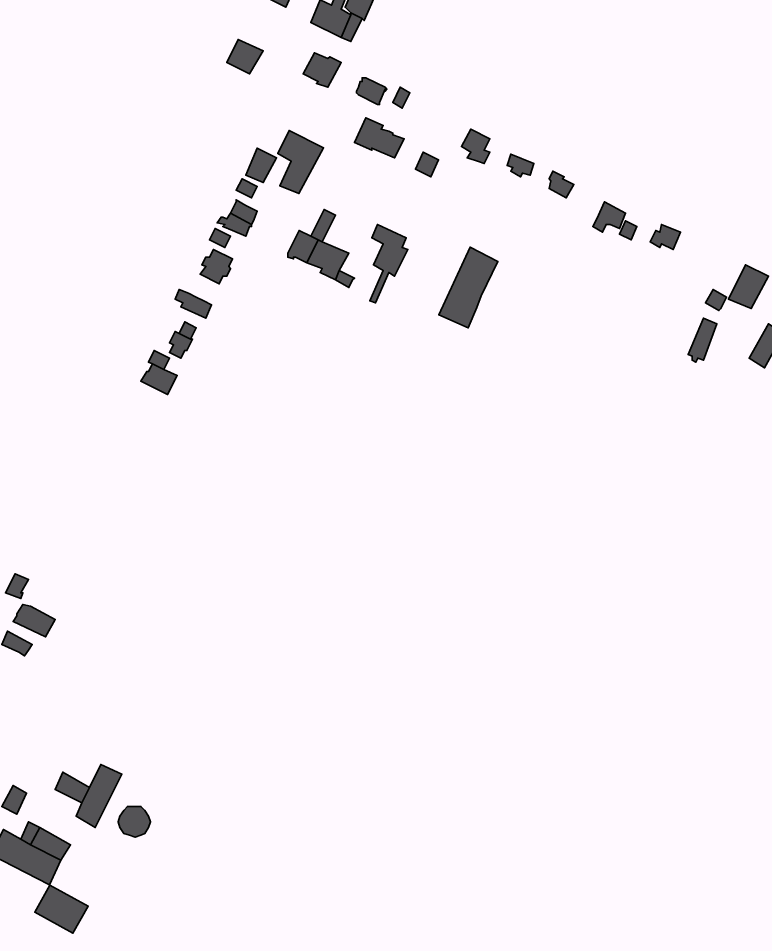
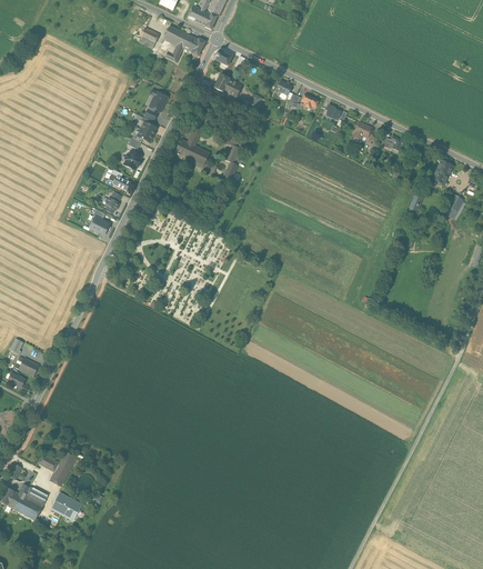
building: [278,131,324,193] -> [163,24,190,61]
building: [439,247,498,328] -> none
building: [35,885,88,933] -> [51,491,82,519]

